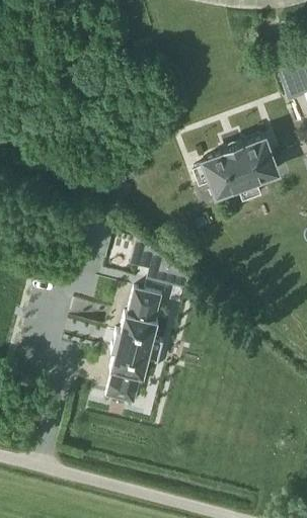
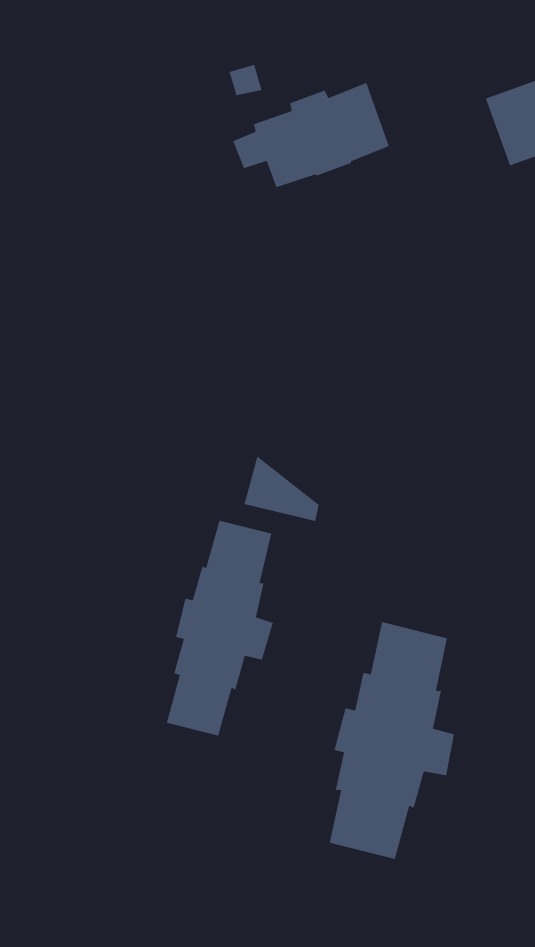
building: [193,140,277,196] -> [232,82,390,188]
building: none -> [329,621,455,860]

